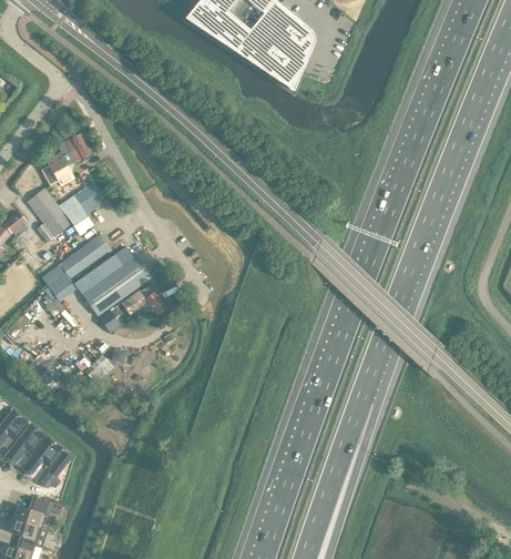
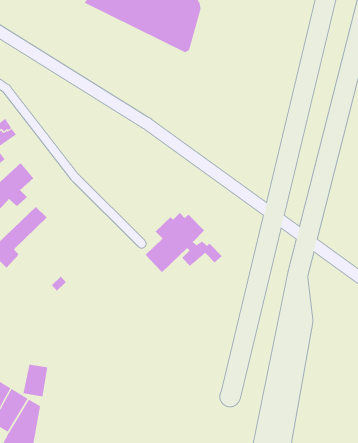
building: [81,253,166,317] -> [145,212,222,273]
building: none -> [23,364,48,397]

